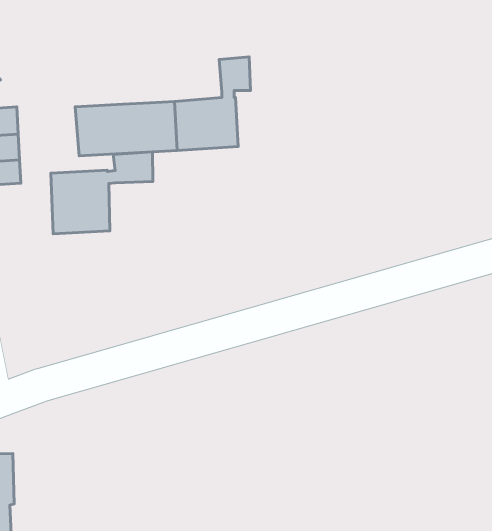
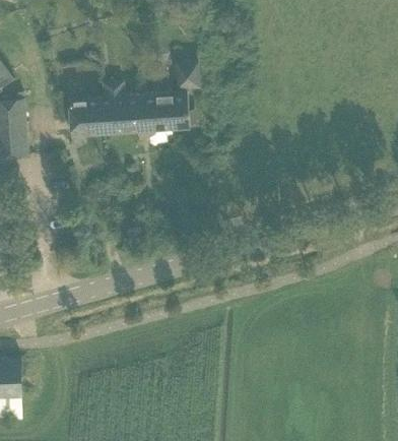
building: [51,152,153,234] -> none

